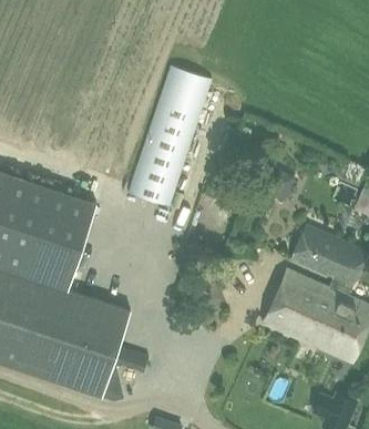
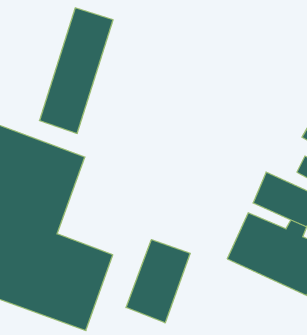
building: [126,67,208,206] -> [39,8,113,133]
building: none -> [126,240,190,323]

